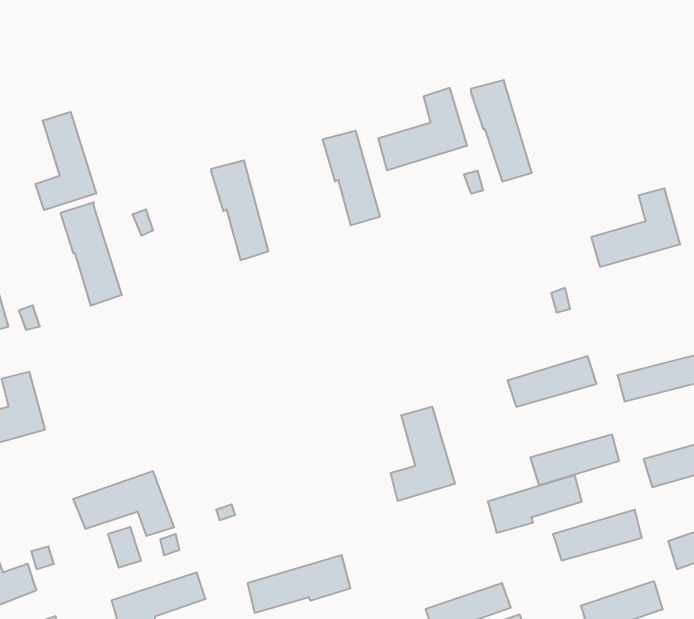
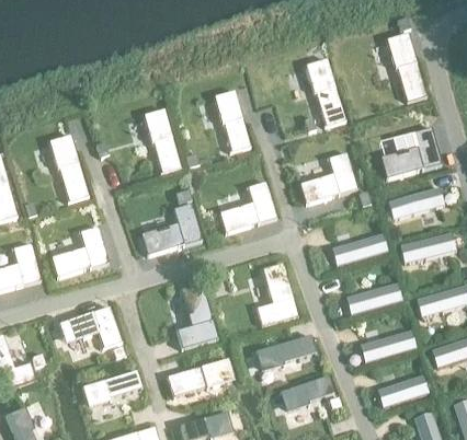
building: none -> [388,36,426,101]
building: [378,88,467,170] -> [300,152,356,204]
building: [35,112,96,210] -> none
building: none -> [219,182,275,232]
building: none -> [387,187,442,219]
building: none -> [144,204,200,254]
building: none -> [52,225,107,277]
building: none -> [175,287,216,348]
building: [488,475,582,533] -> [254,334,314,370]

